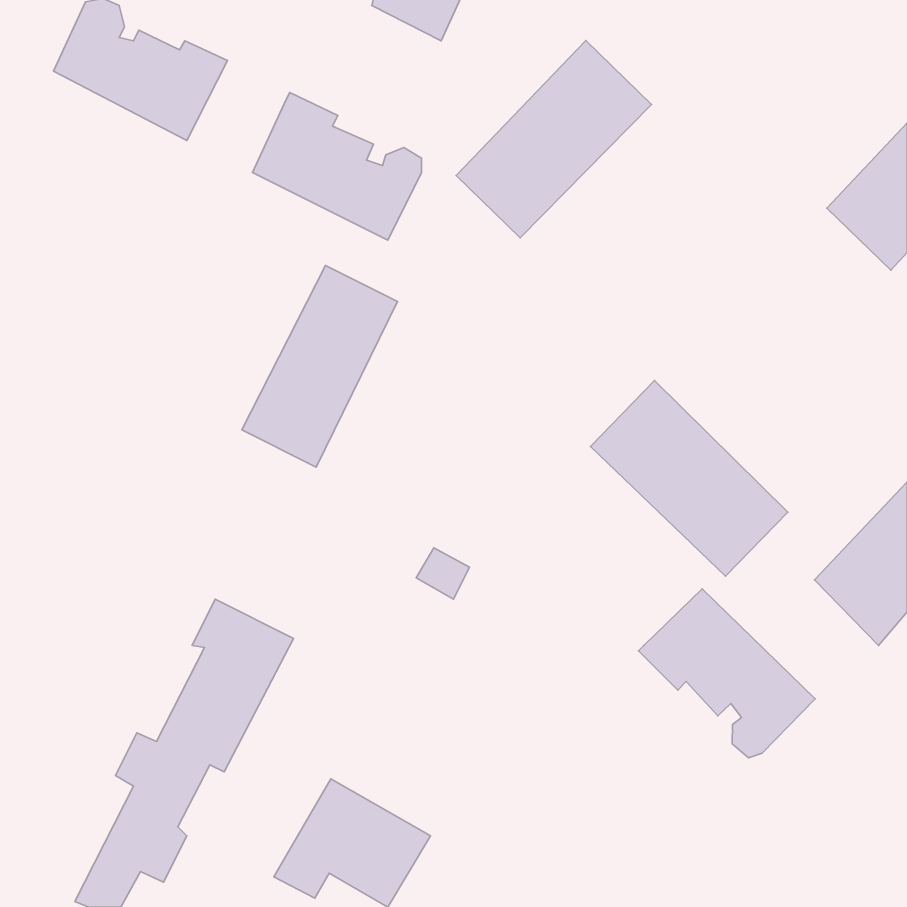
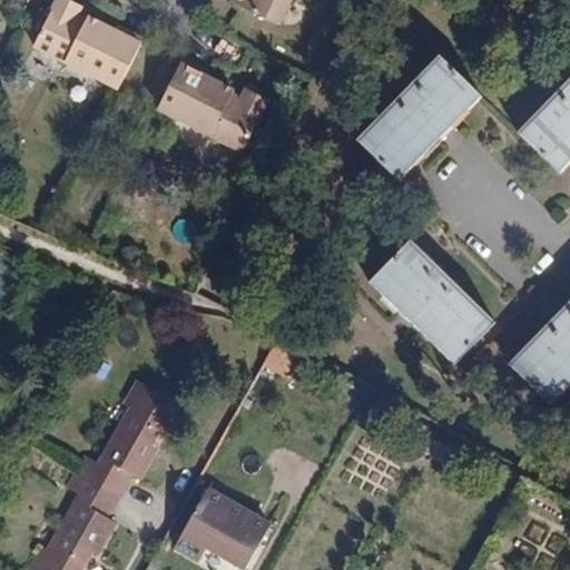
building: [456,40,652,238] -> [356,55,479,178]
building: [242,265,398,467] -> none
building: [639,589,815,758] -> none

